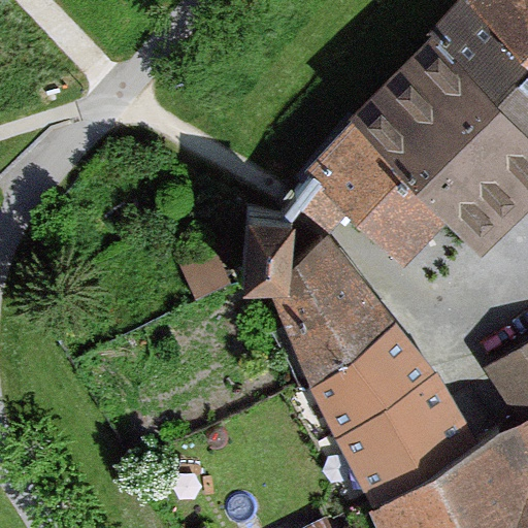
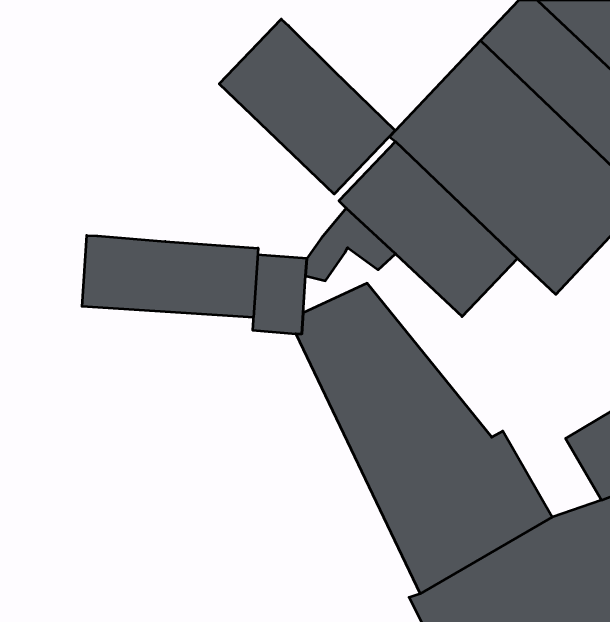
building: none -> [219,19,395,194]
building: none -> [82,235,258,317]

